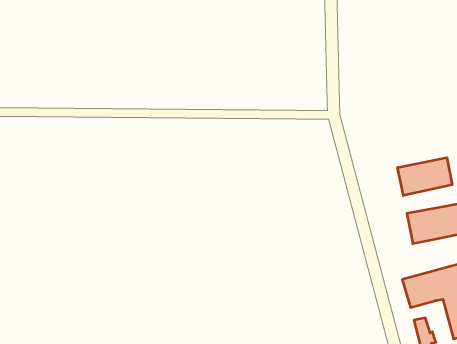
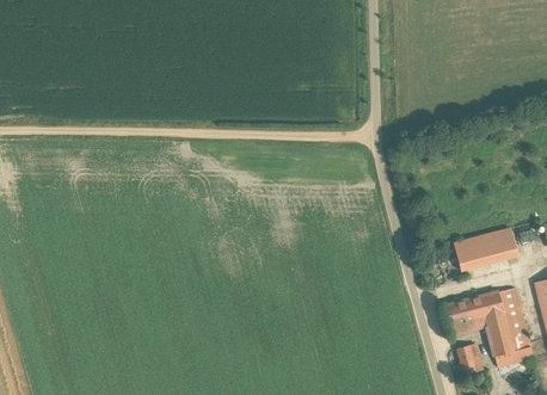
building: [398,158,452,196] -> none

